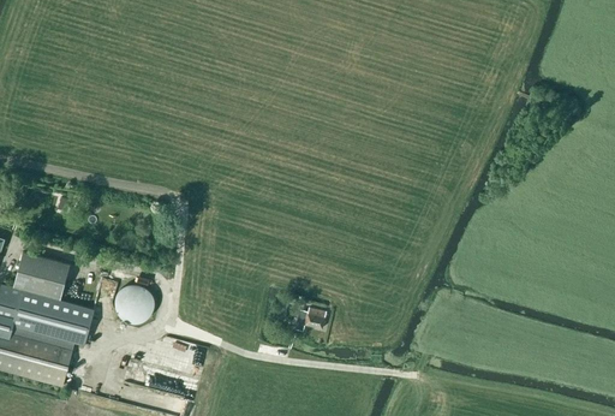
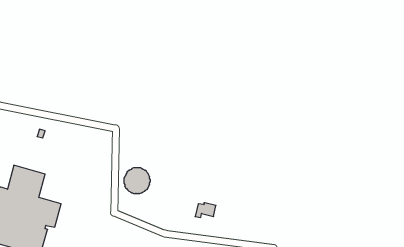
building: [121,281,161,320] -> [124,168,150,193]

